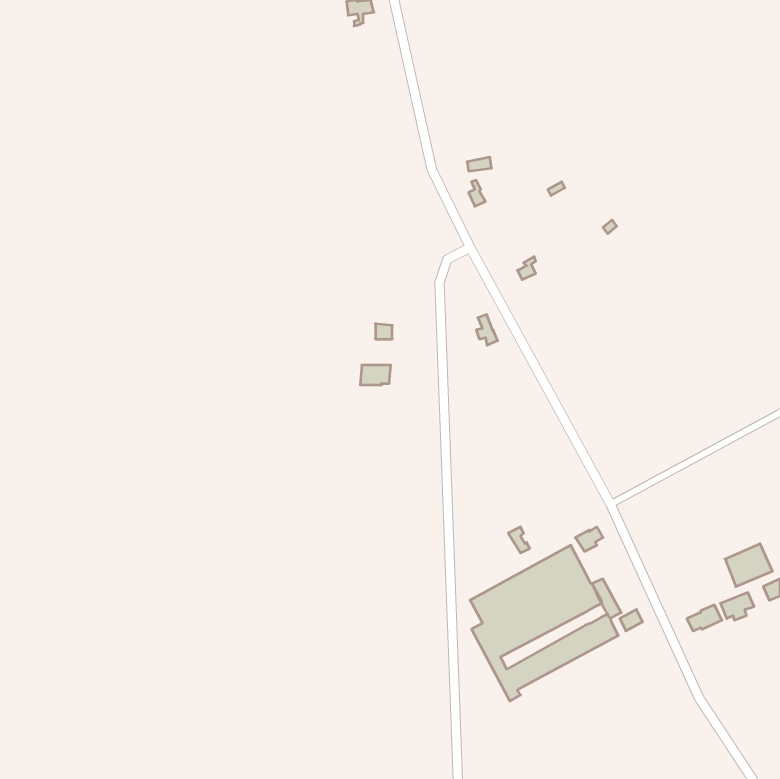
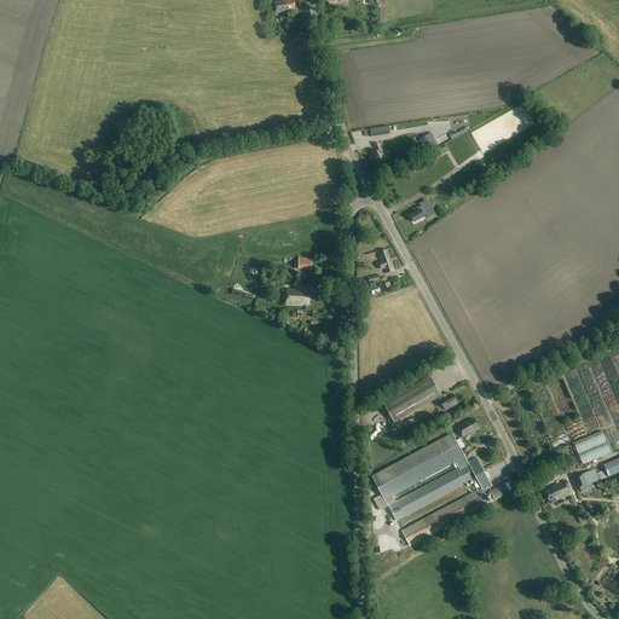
building: none -> [383,375,458,422]

